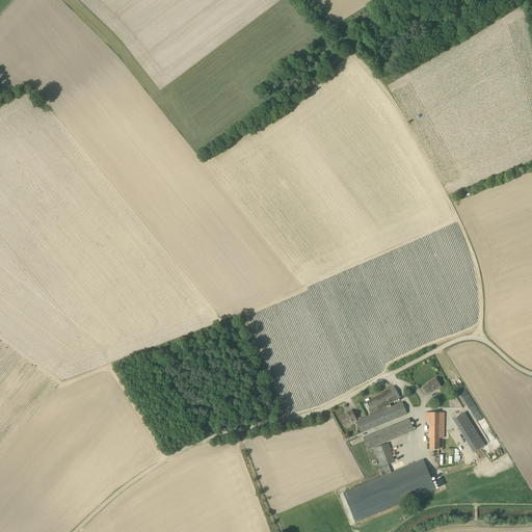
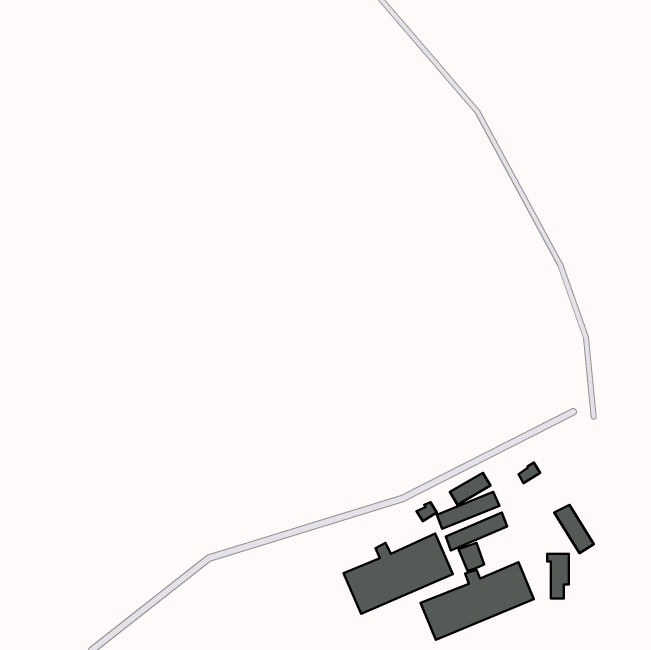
building: [426,413,444,449] -> [547,554,569,599]
building: none -> [344,534,453,614]

